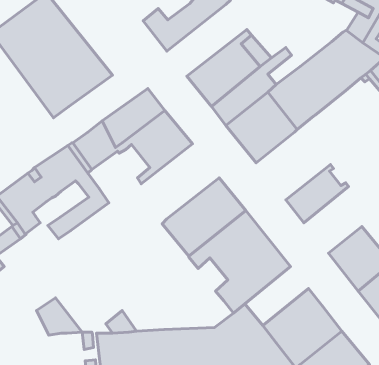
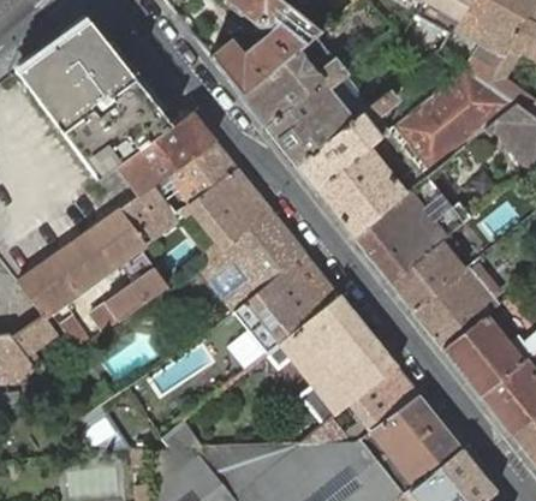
building: none -> [240,35,341,125]
building: none -> [117,109,216,196]
building: none -> [353,174,472,281]
building: none -> [199,210,306,311]
building: none -> [413,264,502,348]
building: none -> [339,365,419,440]

